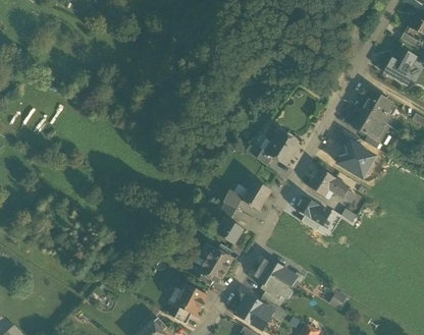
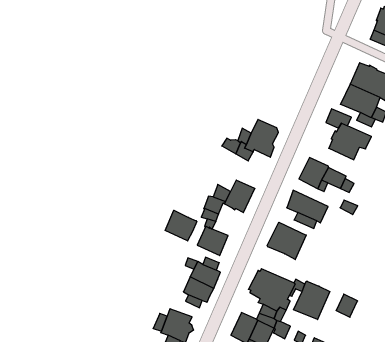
building: none -> [165,210,197,241]
building: none -> [267,222,306,260]
building: none -> [294,281,330,320]

